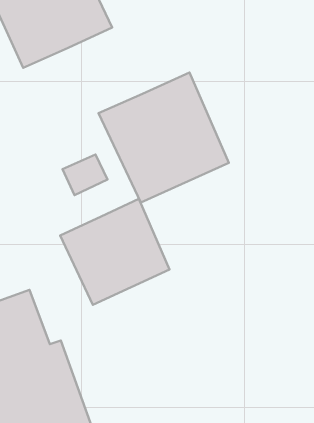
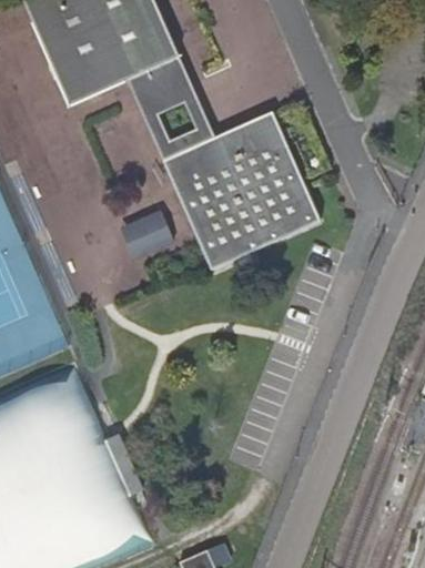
building: none -> [124,58,214,161]
building: [60,199,169,305] -> none

